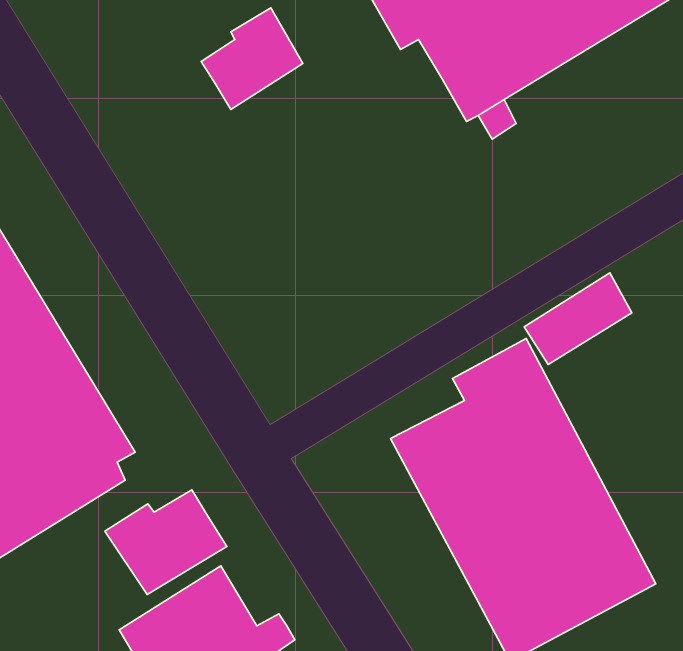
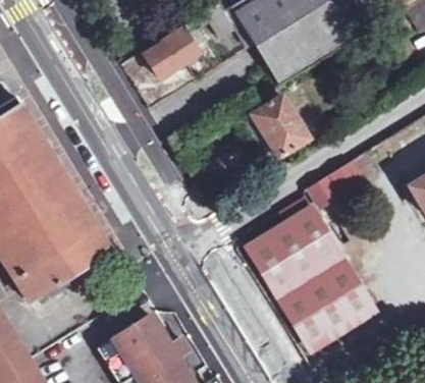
building: none -> [253,93,308,154]
building: [105,490,227,594] -> none

